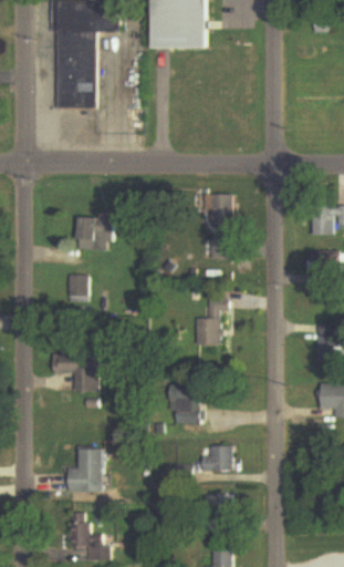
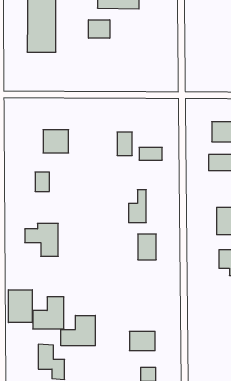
building: none -> [89,20,110,38]
building: [210,194,231,226] -> [117,132,132,155]
building: [175,389,200,424] -> [138,234,156,260]
building: none -> [8,290,32,323]
building: [200,444,231,471] -> none
building: none -> [61,315,95,346]

